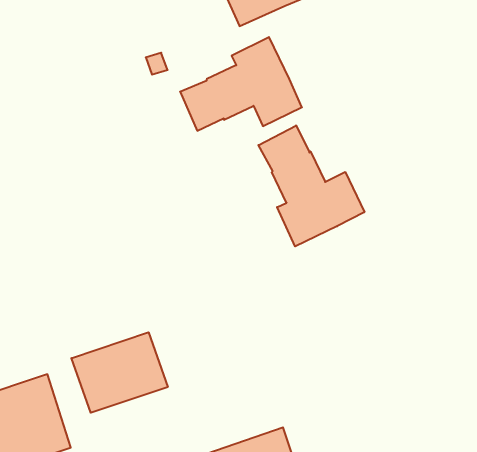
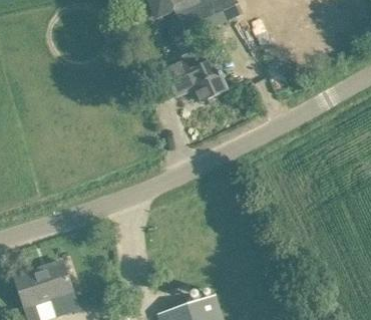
building: [258,125,364,246] -> none
building: [71,332,168,413] -> none

